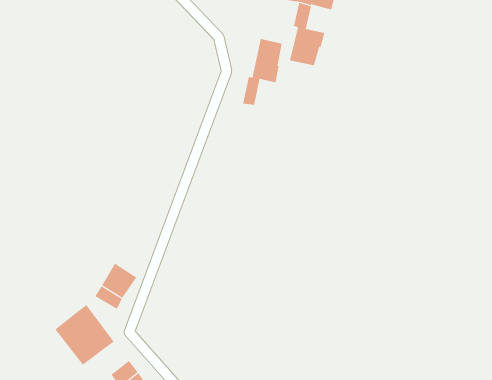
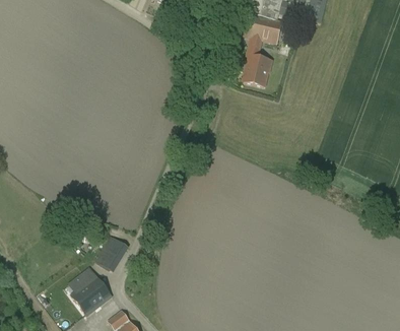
building: [242,38,282,106] -> none

